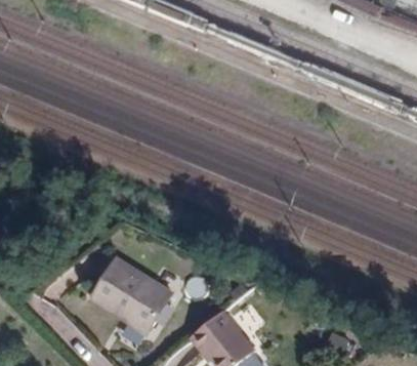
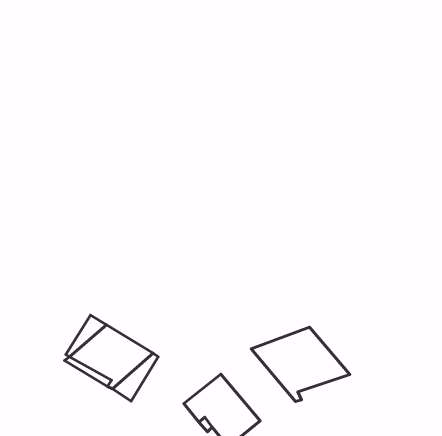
building: none -> [251,327,350,402]

